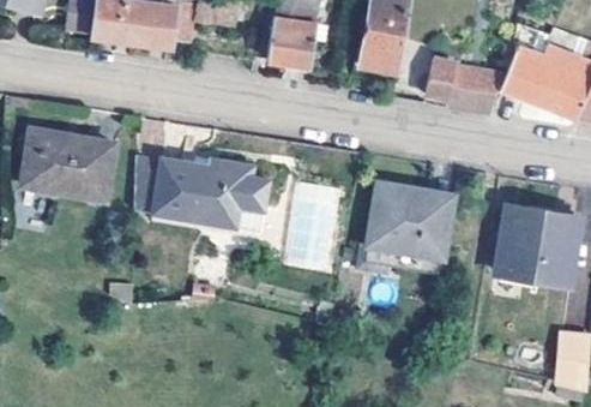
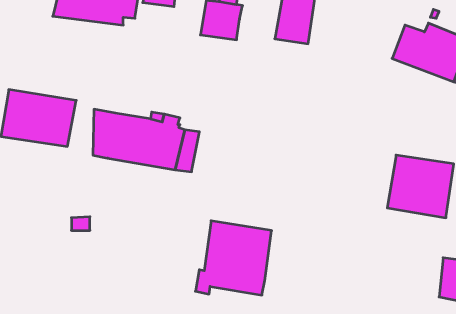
building: [427,59,502,114] -> none
building: [358,184,452,275] -> [195,221,272,295]

